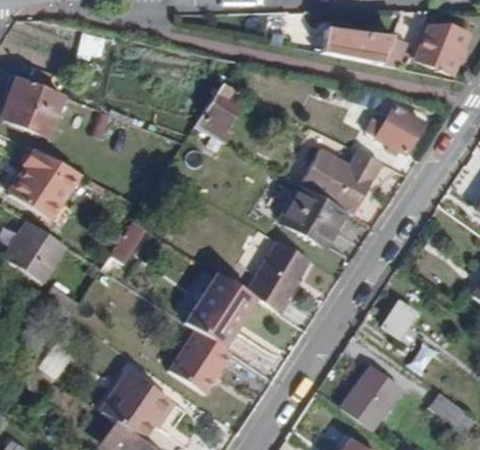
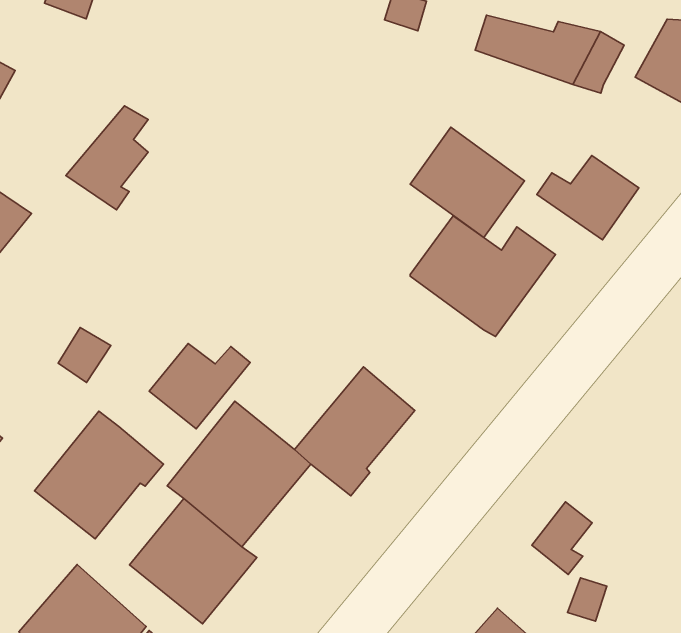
building: [195,83,241,142] -> [66,106,148,210]
building: [280,185,345,245] -> [410,127,525,238]
building: none -> [149,344,250,429]
building: none -> [35,411,163,539]

